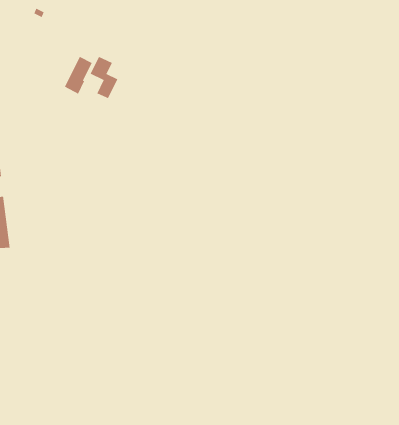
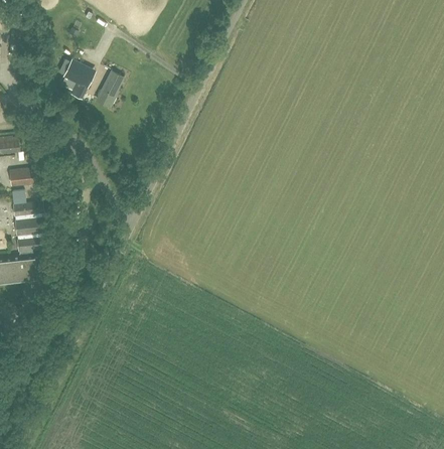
building: [90,56,118,99] -> [63,59,90,99]

